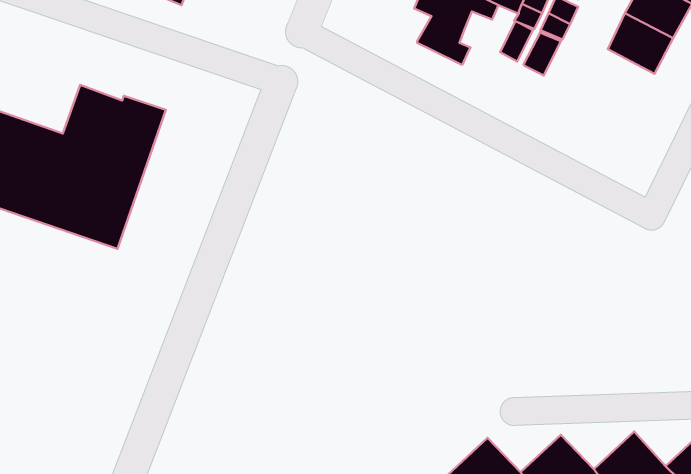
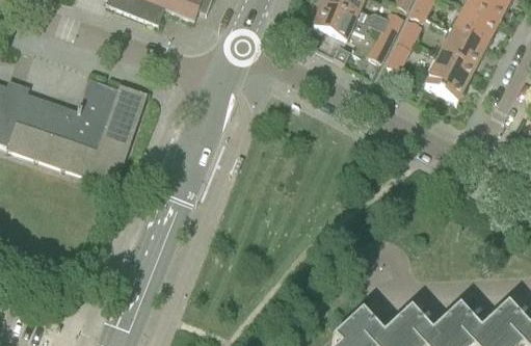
building: none -> [425,52,473,101]

